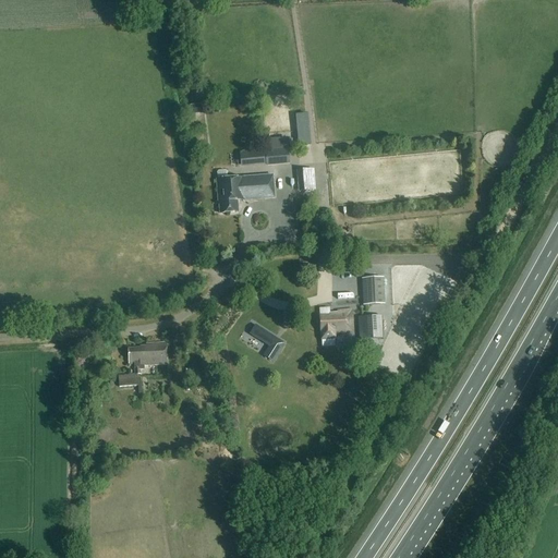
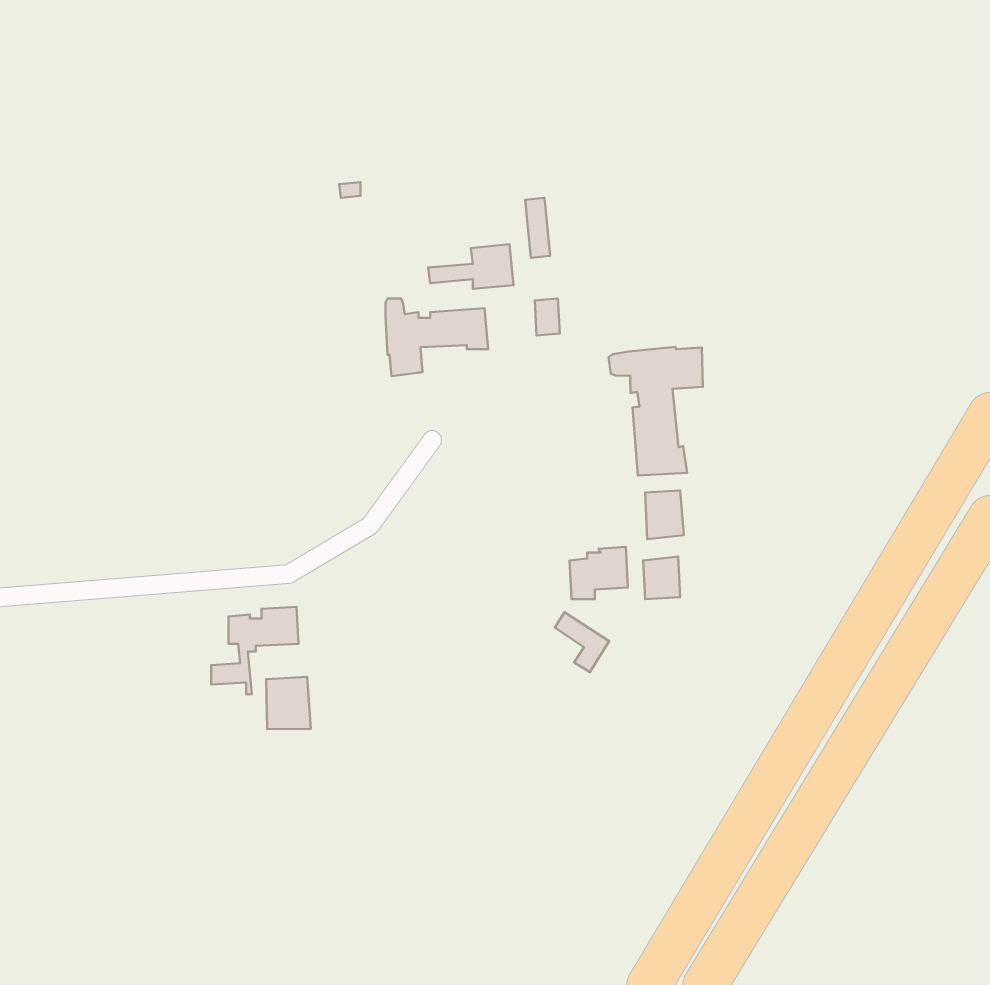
building: none -> [608,347,703,475]
building: [253,325,283,359] -> [555,612,609,672]
building: none -> [266,677,311,729]

